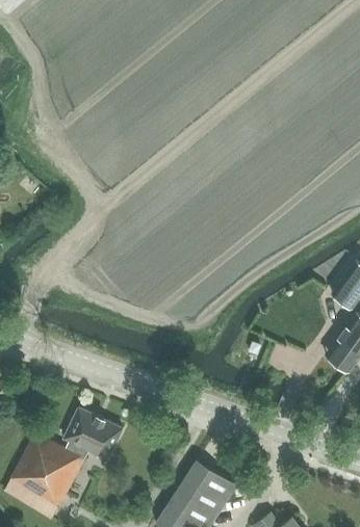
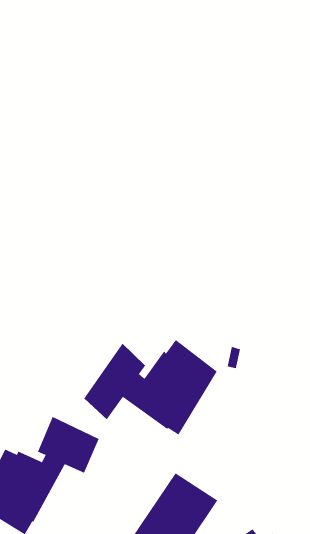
building: none -> [84,339,218,435]

